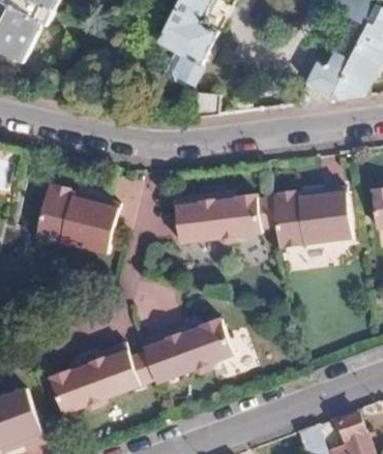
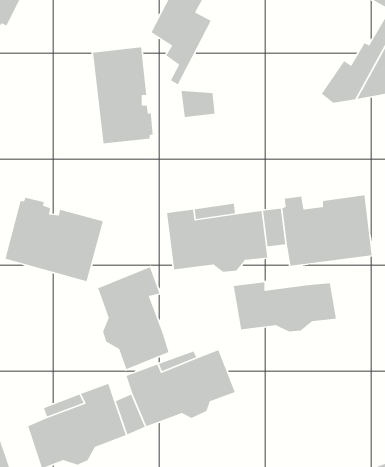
building: none -> [92,47,154,144]
building: none -> [97,266,169,370]
building: none -> [233,281,337,332]

